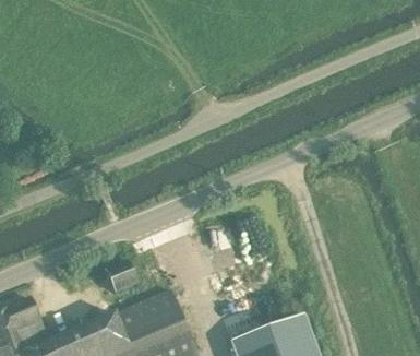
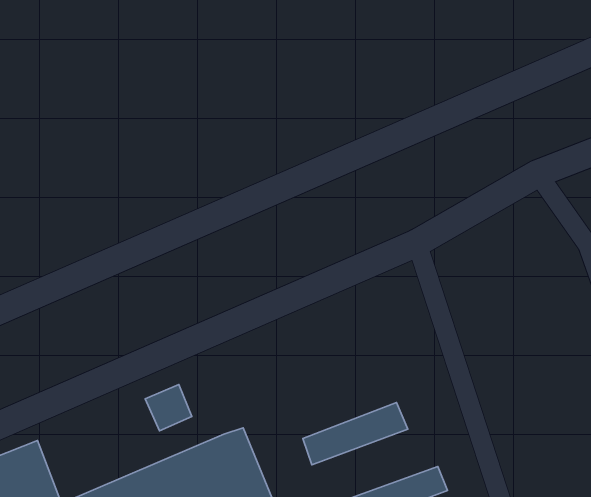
building: none -> [303,403,408,465]

